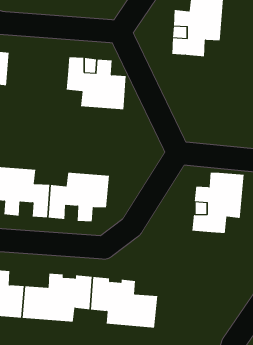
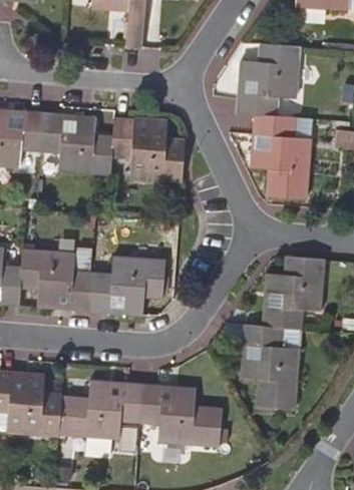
building: none -> [40,112,113,175]
building: none -> [253,115,313,199]
building: none -> [242,327,303,409]

